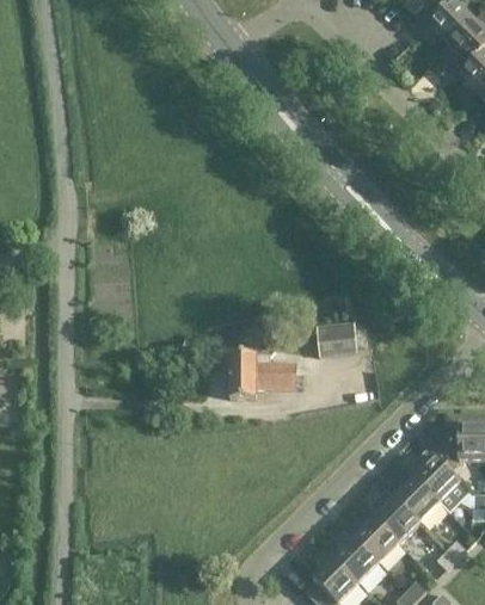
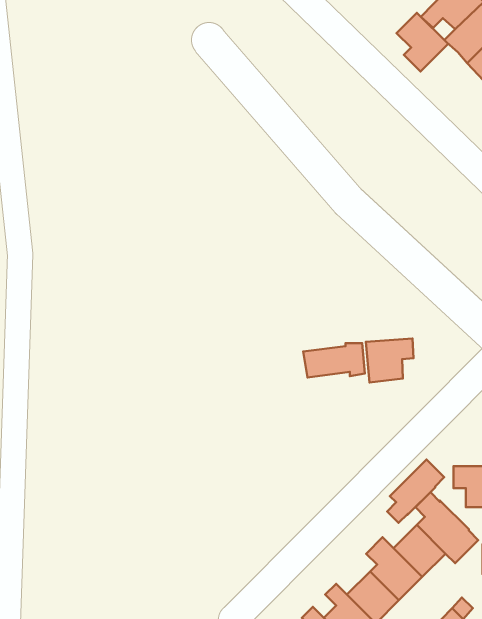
building: none -> [397,13,448,71]
building: none -> [366,339,414,383]
building: [227,352,294,396] -> none
building: none -> [387,460,444,523]

